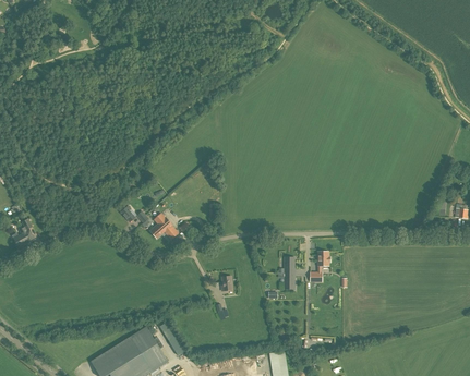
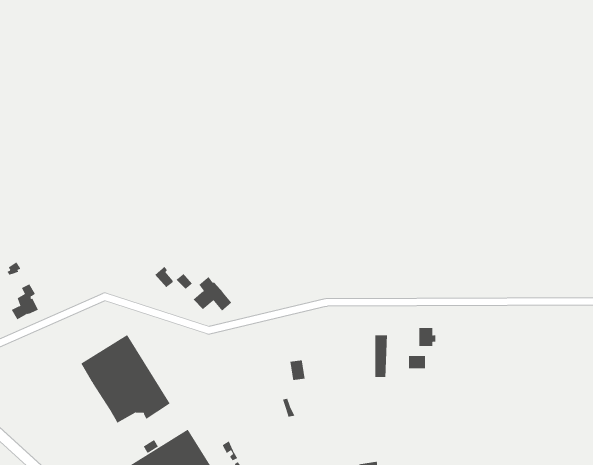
building: none -> [80,334,170,424]

